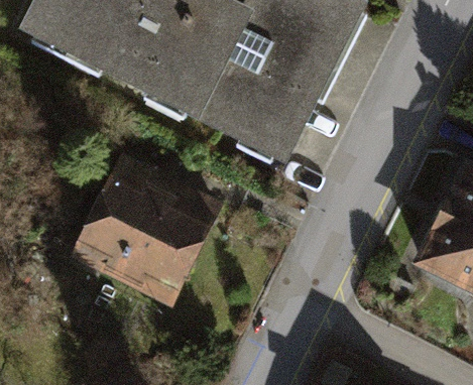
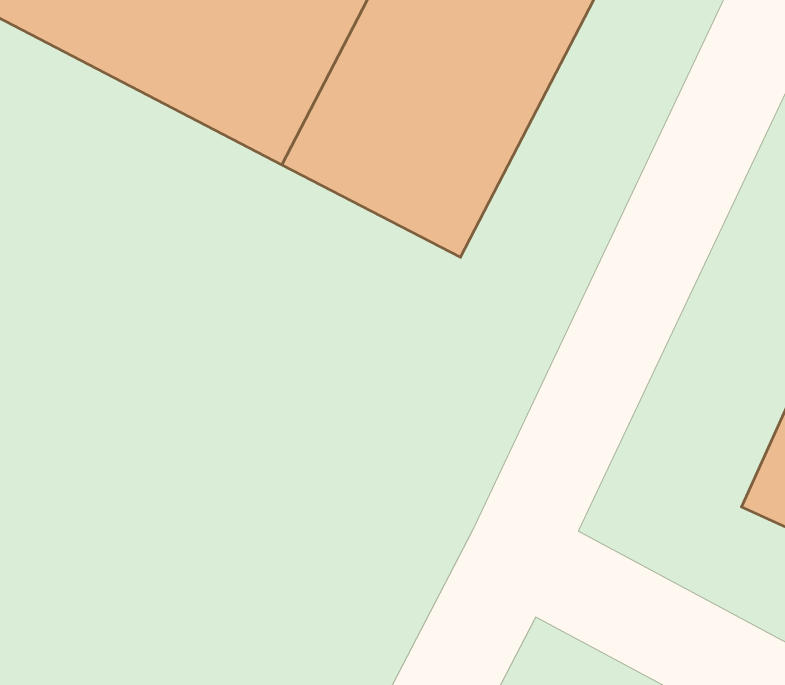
building: [77,158,215,295] -> none

